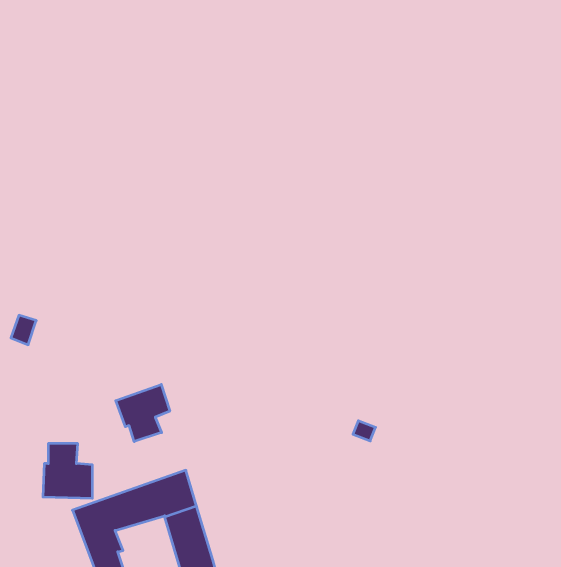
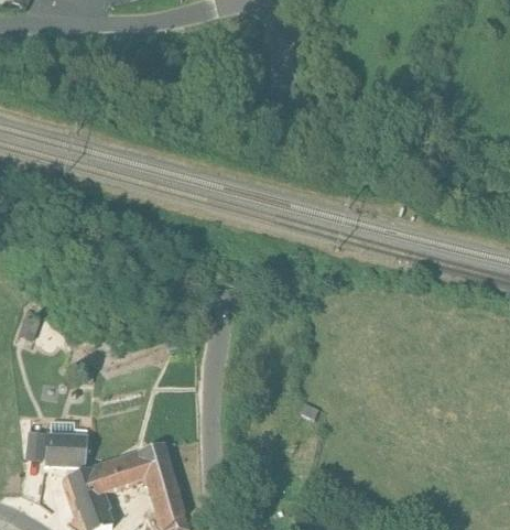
building: [116,384,170,442] -> none

